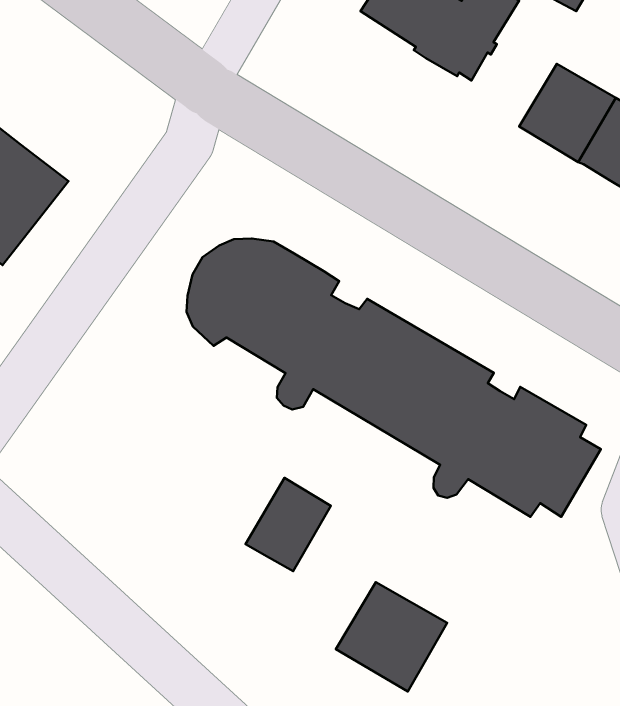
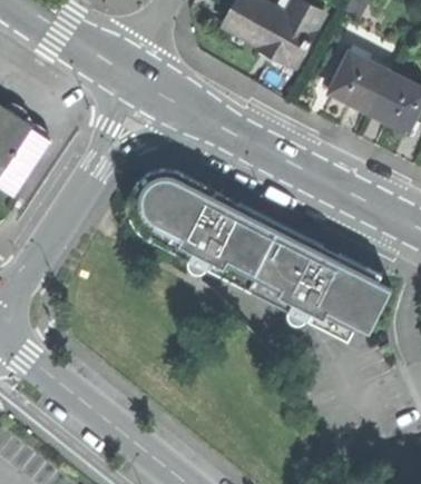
building: [245,478,331,571] -> none
building: [336,582,447,691] -> none

